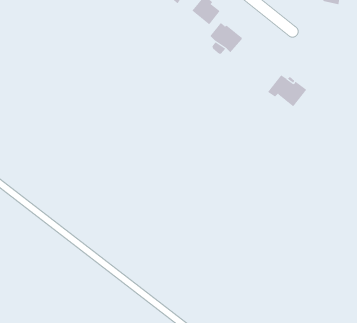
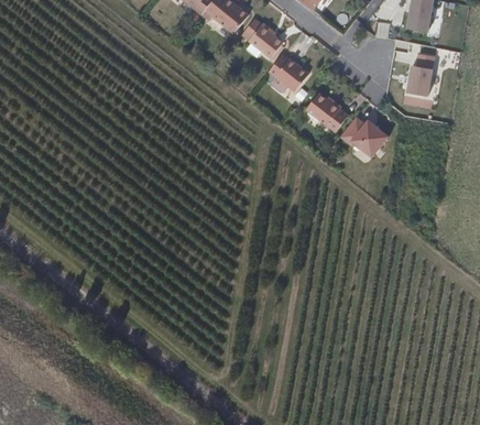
building: none -> [407,65,432,96]
building: none -> [307,94,348,132]

